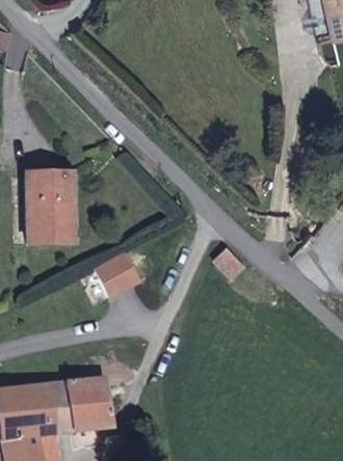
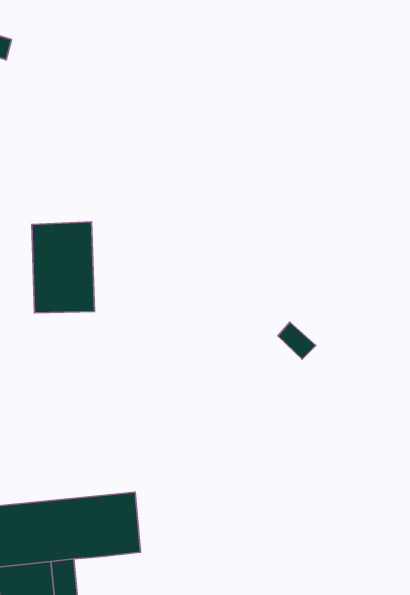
building: [93,254,139,299] -> none

